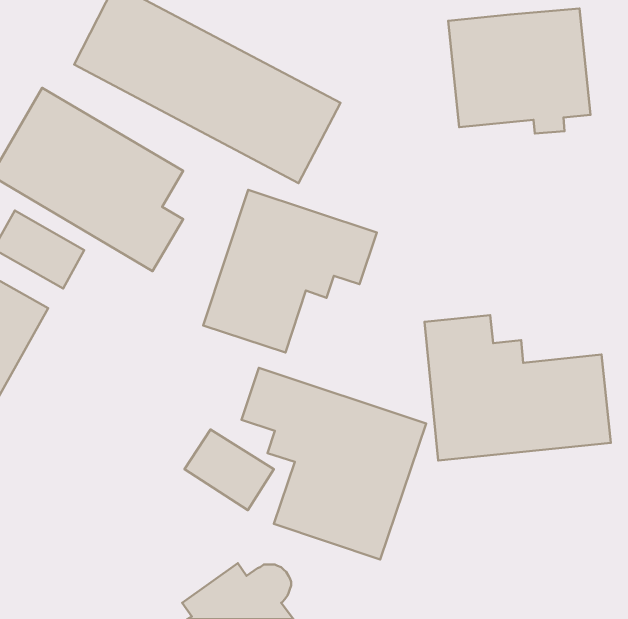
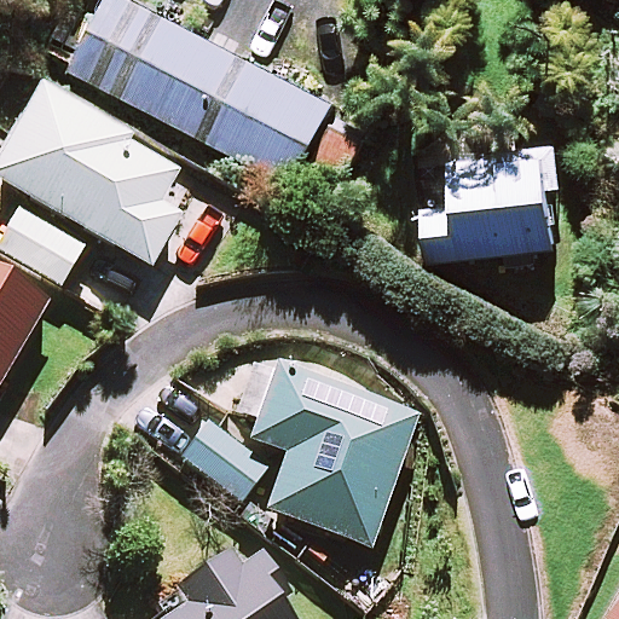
building: [448,8,591,133] -> [421,141,560,264]
building: [203,190,377,352] -> none
building: [424,315,611,460] -> none

